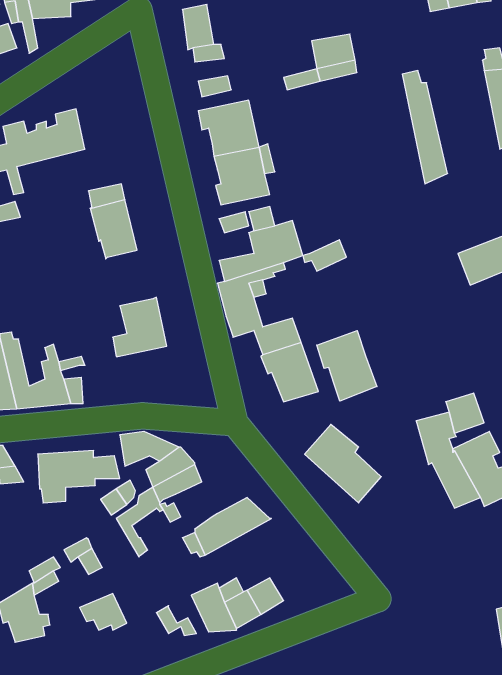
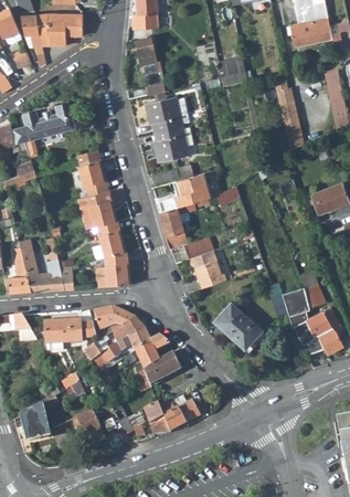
building: none -> [78,192,117,230]
building: [317,331,377,401] -> none
building: none -> [95,253,129,287]
building: none -> [131,335,168,369]

